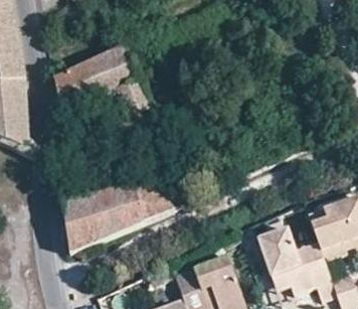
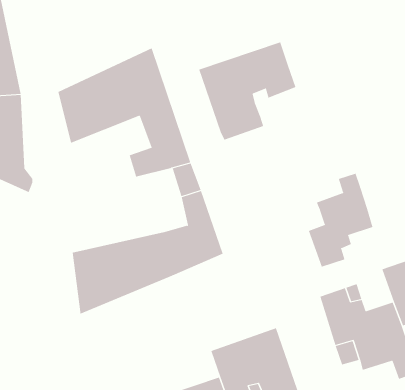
building: none -> [198,42,296,141]
building: none -> [308,173,373,267]

